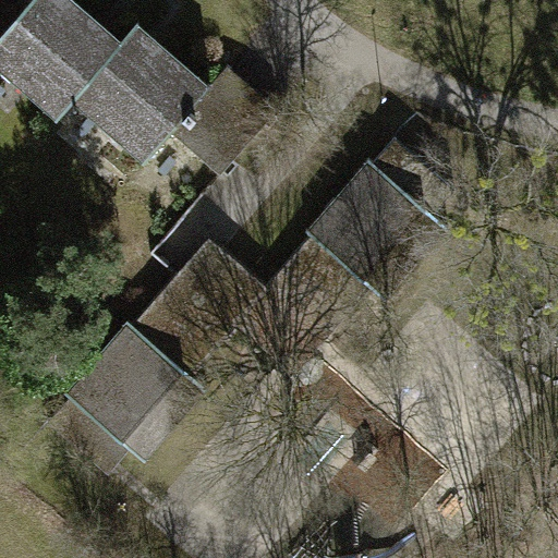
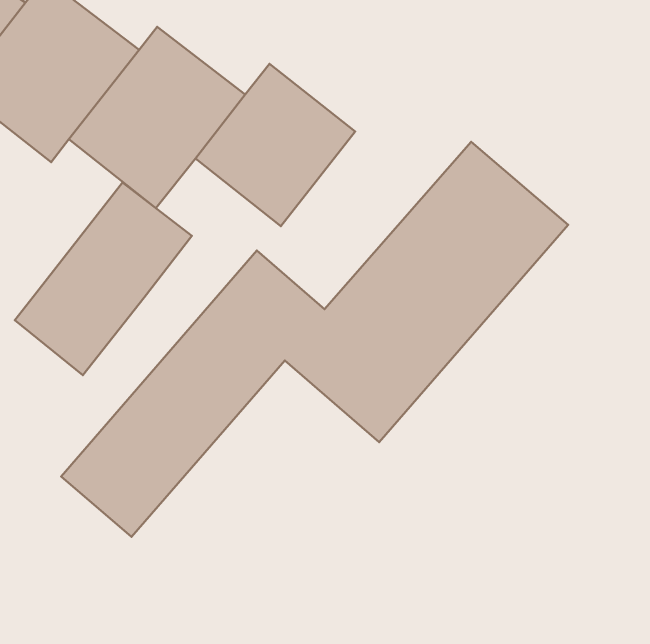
building: none -> [15,183,192,375]

